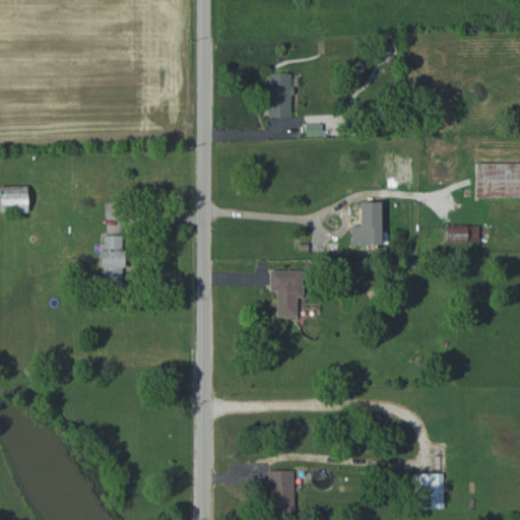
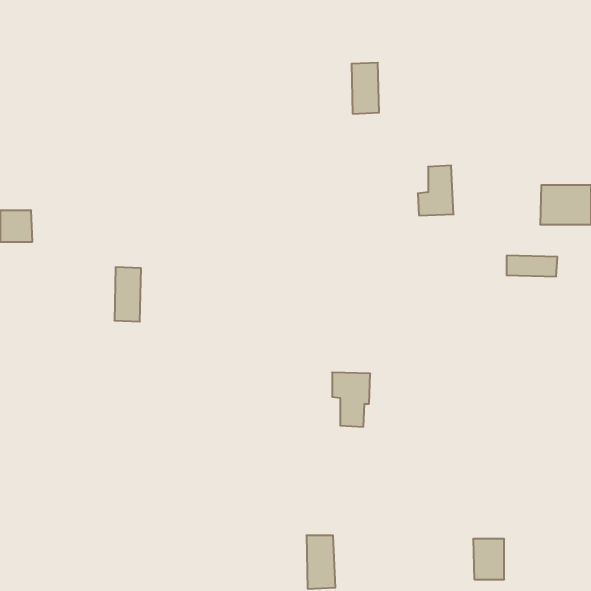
building: [267,72,291,117] -> [351,63,379,114]
building: [350,201,382,245] -> [418,166,454,215]
building: [269,269,303,317] -> [332,372,370,427]

